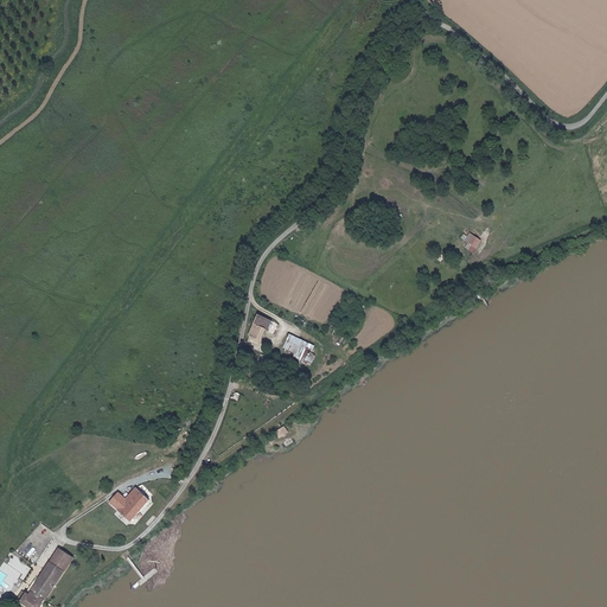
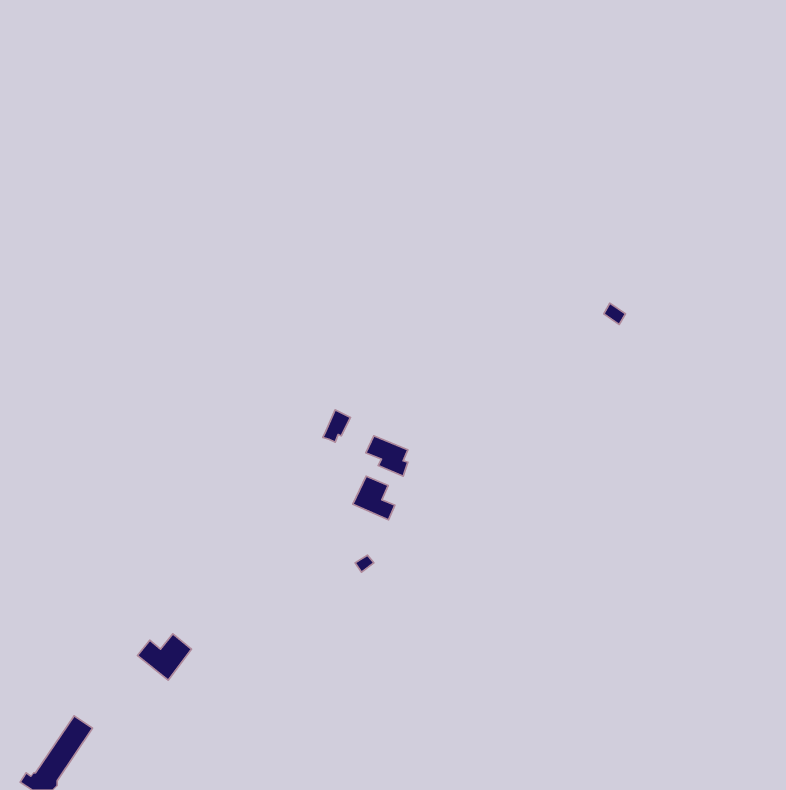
building: none -> [353,476,395,520]

